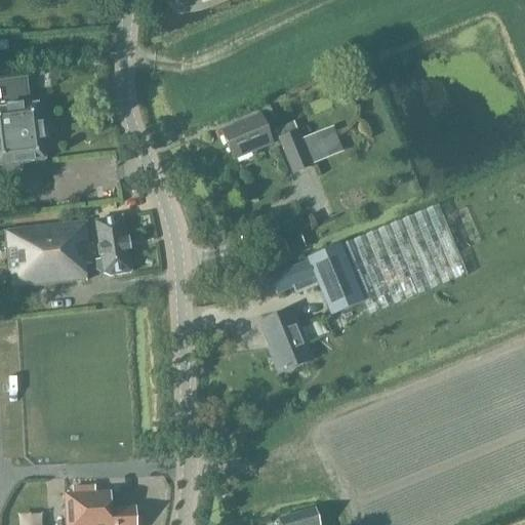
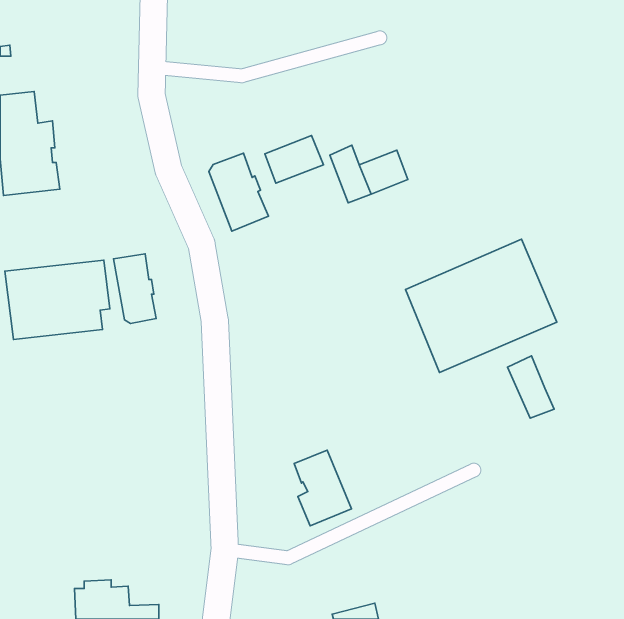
building: none -> [209,153,269,231]
building: [270,243,364,314] -> none
building: none -> [507,356,554,418]
building: [265,308,313,371] -> [294,450,352,526]

